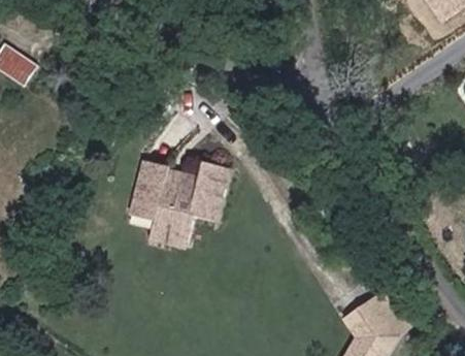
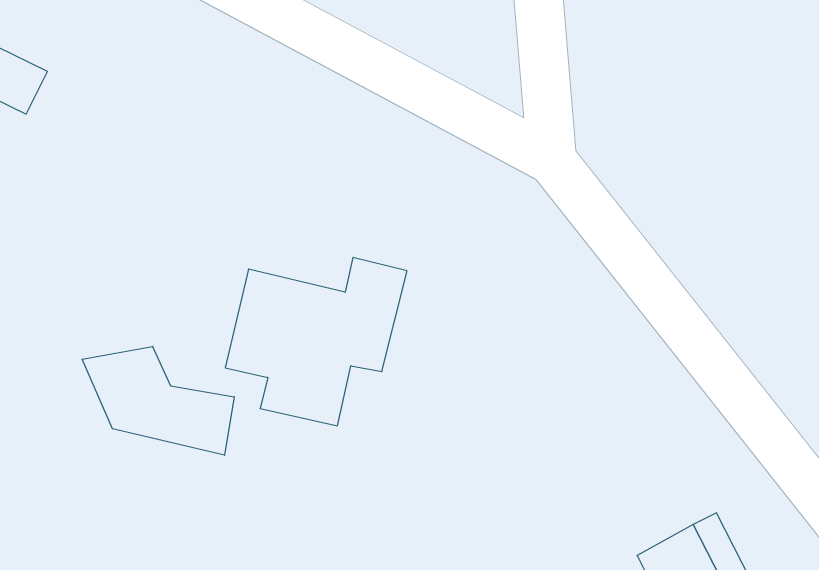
building: none -> [82,346,234,455]

